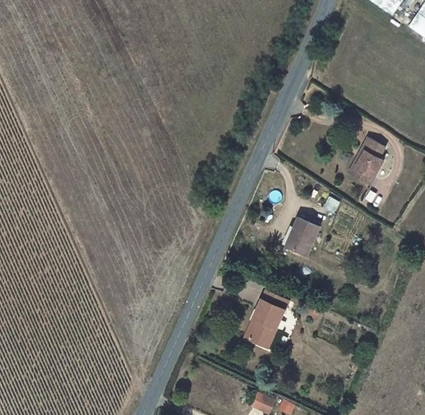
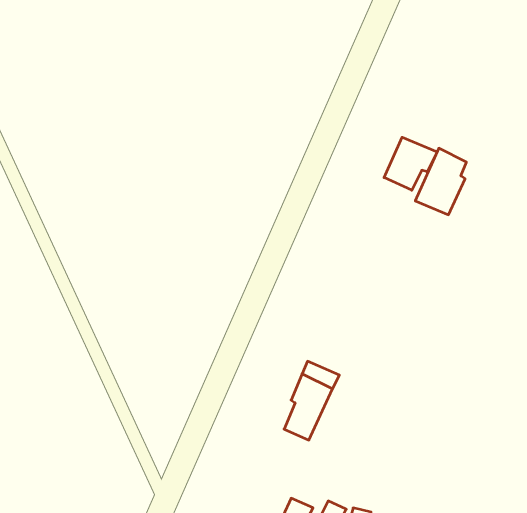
building: none -> [384,137,437,190]
building: [280,220,312,258] -> none

